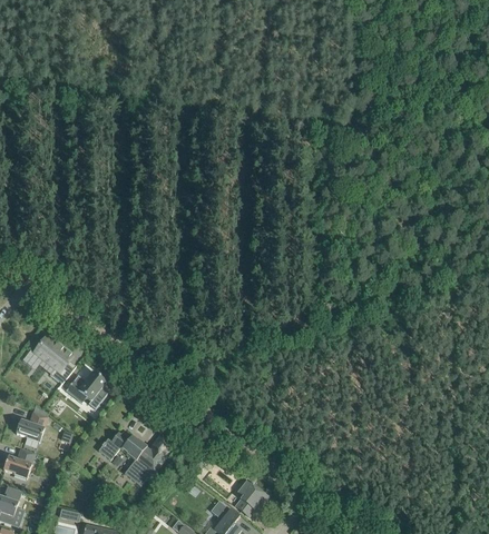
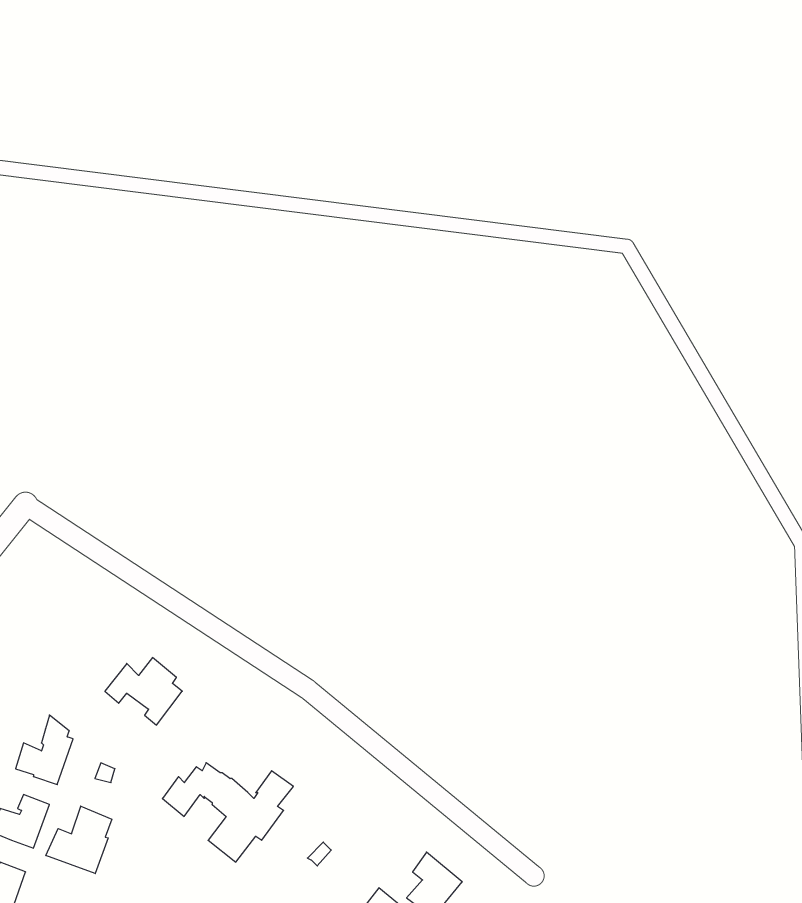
building: [33,336,76,389] -> none
building: none -> [46,806,112,874]

